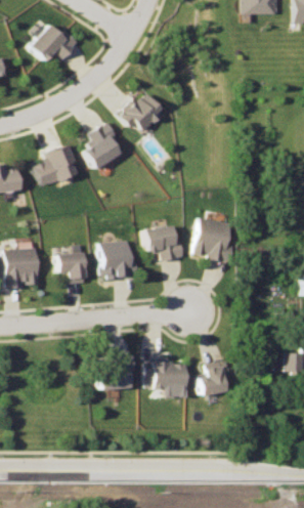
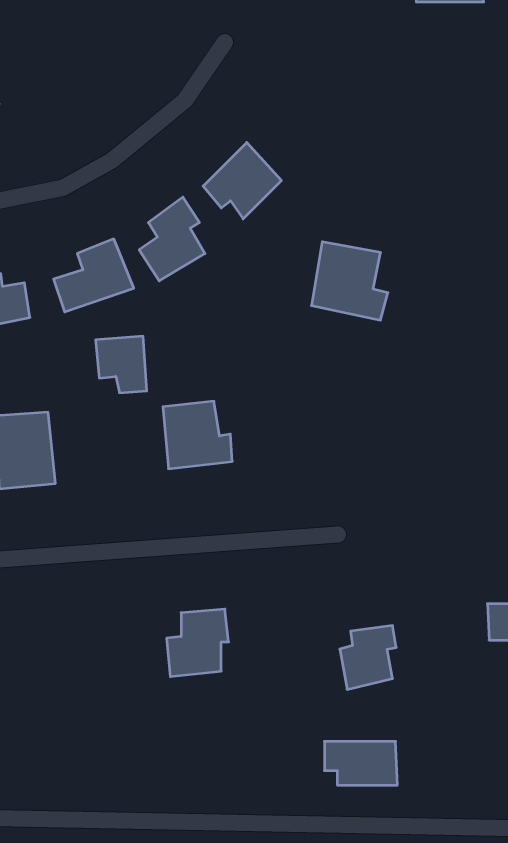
building: [27,23,77,59] -> none
building: [193,220,236,264] -> [311,242,388,320]
building: [142,222,183,257] -> none
building: [55,249,84,281] -> [96,336,147,393]
building: [144,362,185,386] -> [324,741,397,785]

